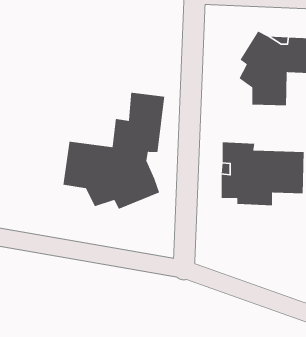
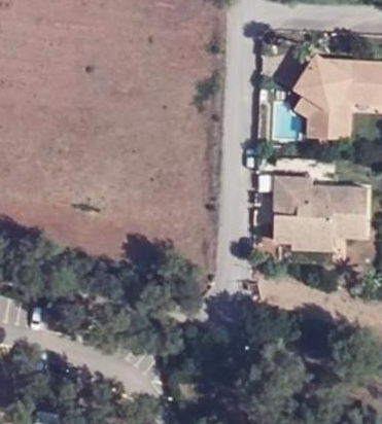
building: [63,92,165,210] -> none

